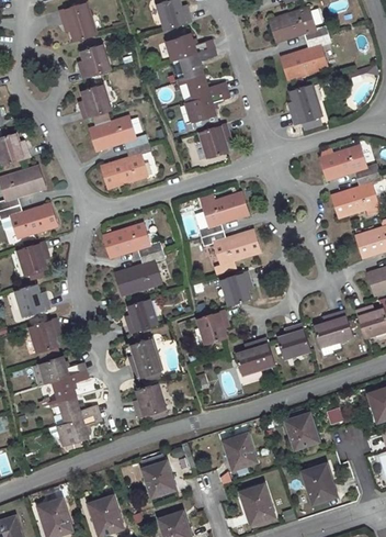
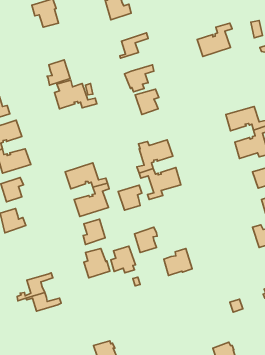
building: [269,9,325,43] -> none
building: [166,32,208,61] -> none
building: [78,44,109,78] -> none
building: [178,75,225,100] -> none
building: [290,85,322,131] -> none
building: [101,144,148,188] -> none
building: [219,271,251,305] -> [118,185,142,210]
building: [314,311,353,355] -> none
building: [29,318,59,353] -> none
building: [277,323,310,359] -> none
building: [38,357,81,383] -> none
building: [133,383,166,419] -> [111,246,135,273]
building: [285,409,317,449] -> none
building: [57,414,95,450] -> none
building: [224,434,256,470] -> none

